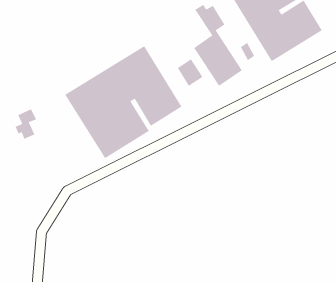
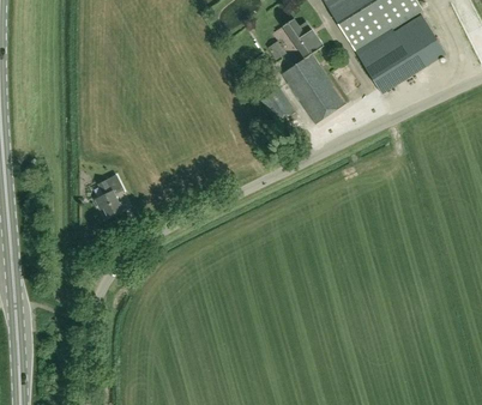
building: [64,45,183,159] -> none
building: [14,108,37,140] -> [95,175,123,214]

